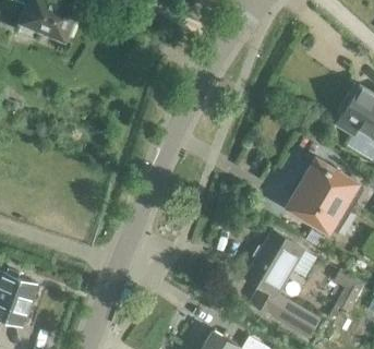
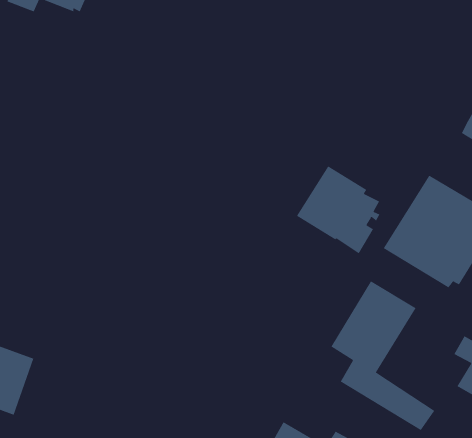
building: none -> [296,165,380,254]

